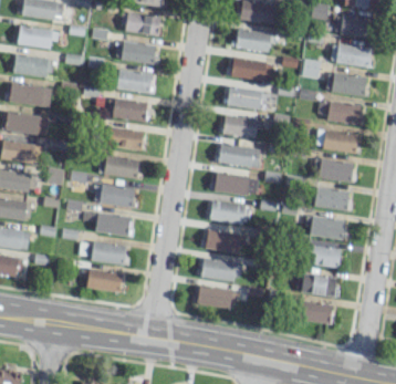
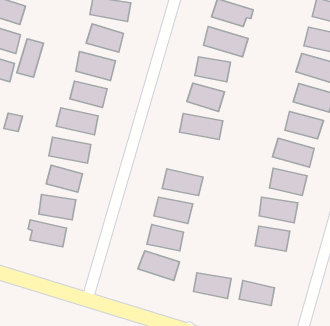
building: none -> [17,39,44,77]
building: [215,173,258,195] -> none
building: [302,274,337,295] -> [193,273,231,298]

